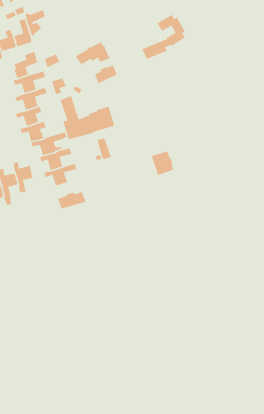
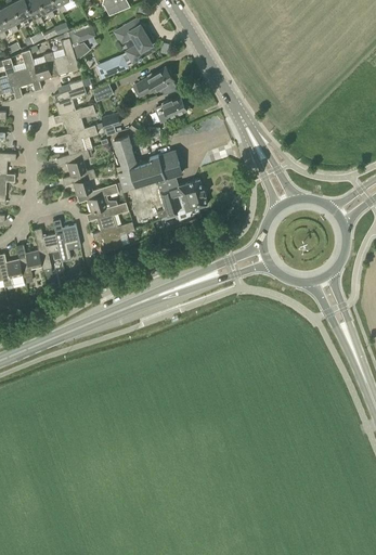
building: [141,14,186,60] -> [95,21,152,79]
building: [151,151,174,176] -> [178,179,207,211]
building: [57,191,87,210] -> none

